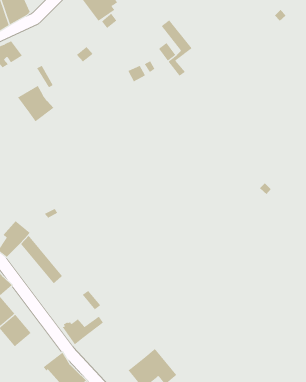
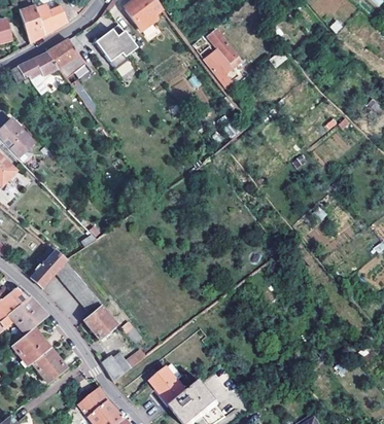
building: none -> [94,24,135,61]
building: [17,85,54,122] -> [45,38,85,78]
building: none -> [83,307,115,339]
building: none -> [151,366,189,407]

